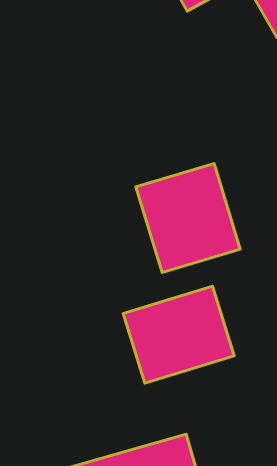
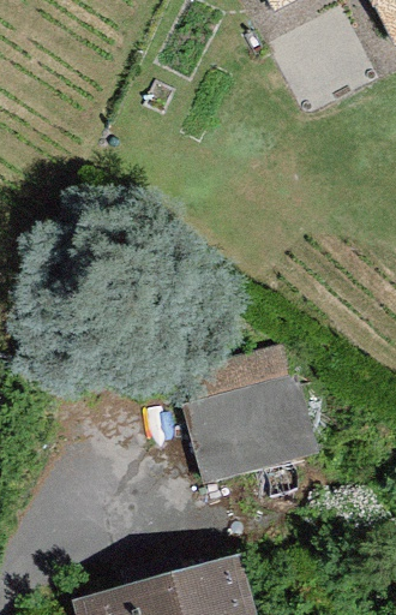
building: [136,163,240,273] -> none

